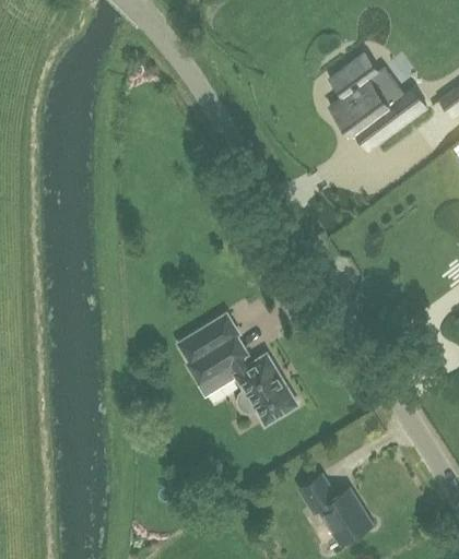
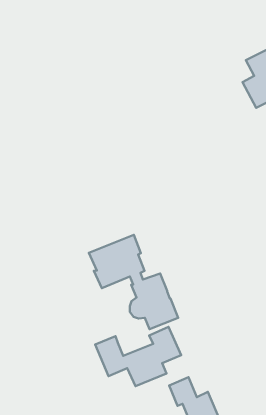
building: none -> [95,327,181,386]

